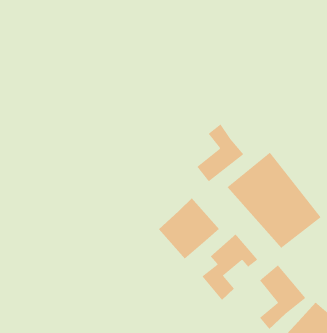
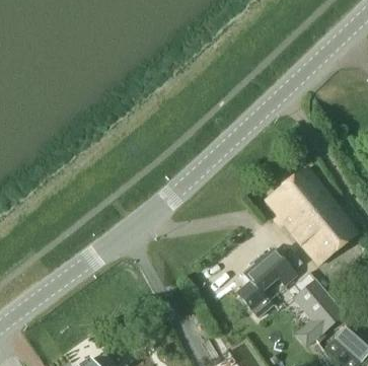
building: [197,123,244,182] -> none
building: [158,198,220,260] -> none

